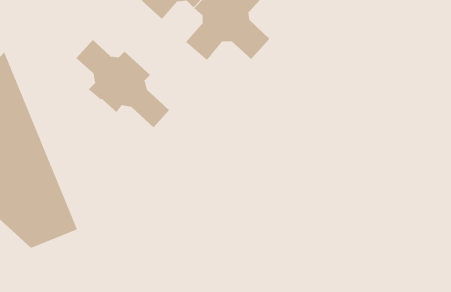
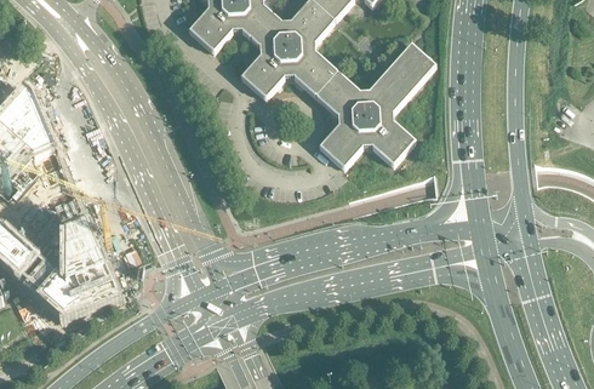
building: none -> [315,41,434,165]
building: [76,39,170,128] -> none

